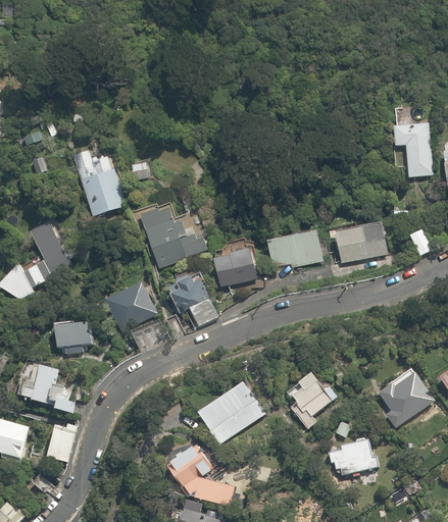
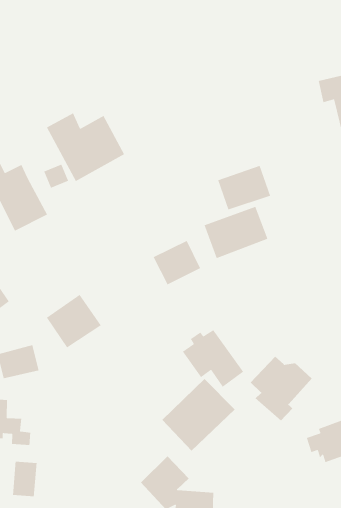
building: [139,204,207,268] -> [46,112,125,182]
building: [340,225,387,262] -> [217,165,271,210]
building: [165,273,219,328] -> [182,329,244,388]

